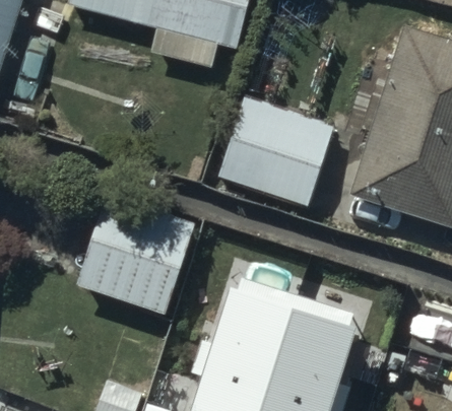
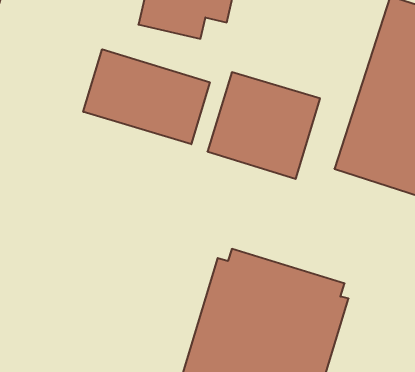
building: none -> [83,49,210,144]
building: [74,195,198,316] -> none

